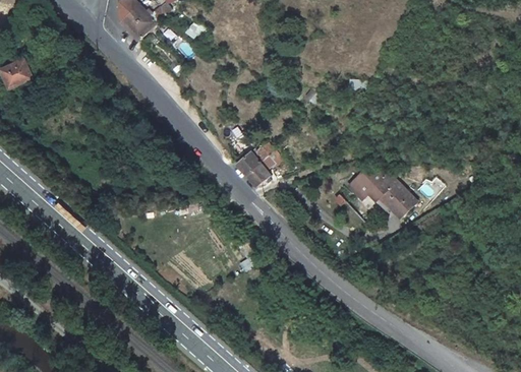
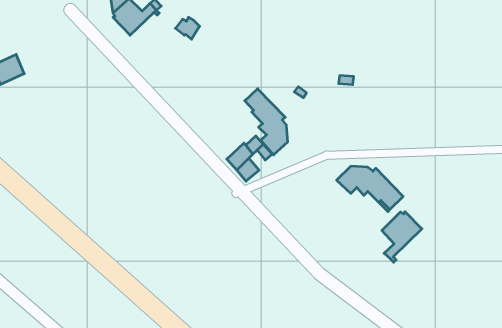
building: none -> [245,89,287,155]
building: none -> [382,212,422,262]

